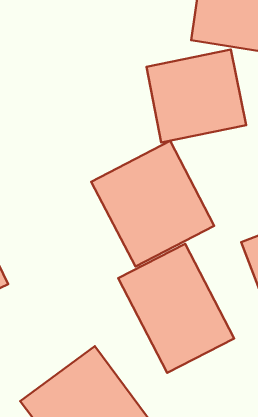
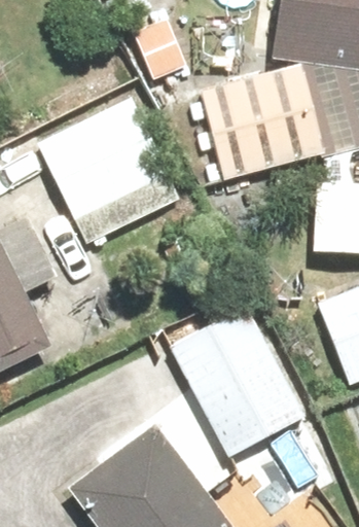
building: none -> [44,95,189,245]
building: [91,141,214,267] -> none

